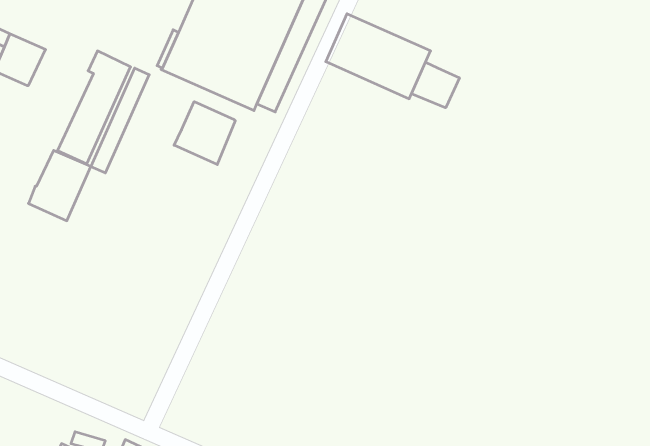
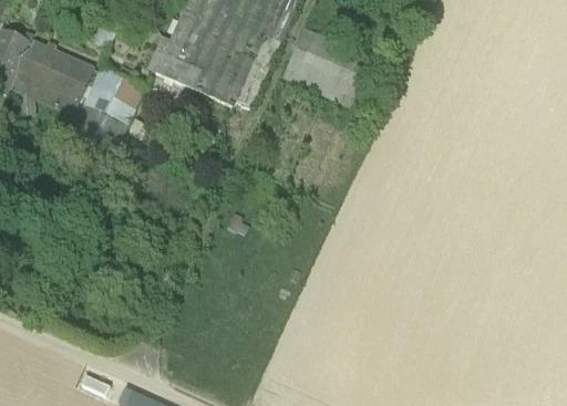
building: [412,62,459,108] -> none
building: [174,102,235,165] -> none
building: [28,150,91,221] -> [31,51,83,110]

